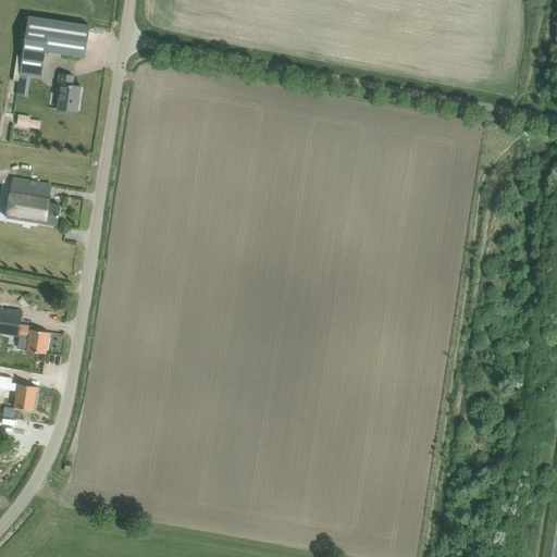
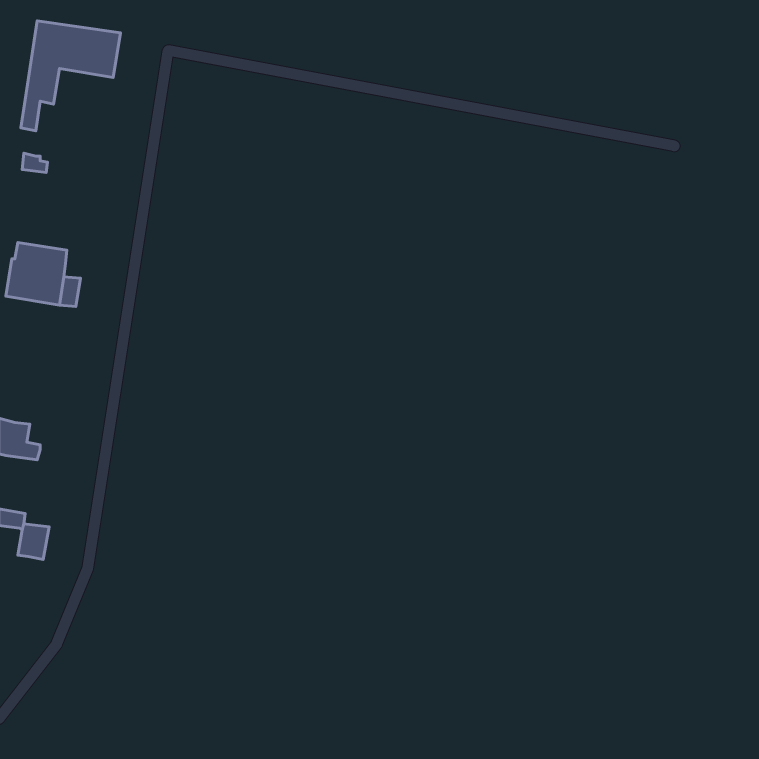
building: [55,73,79,110] -> none
building: [25,329,48,352] -> none

